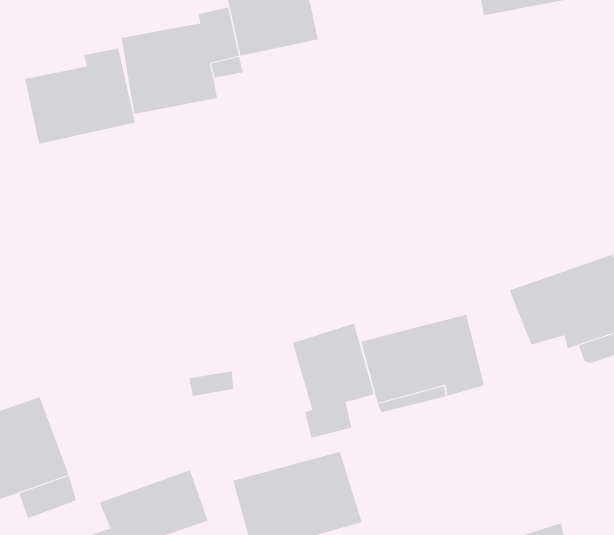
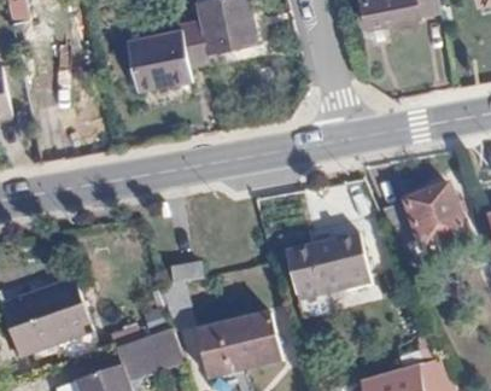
building: [25,48,136,145] -> none
building: [292,323,375,439] -> none

